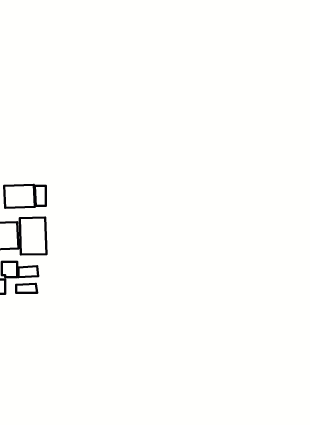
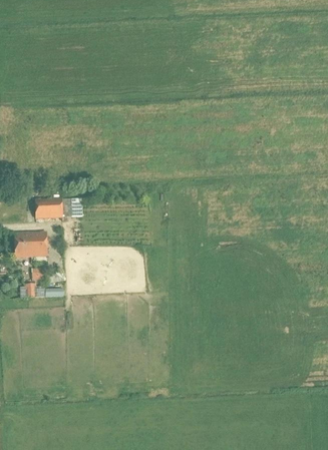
building: [20,218,46,255] -> none

